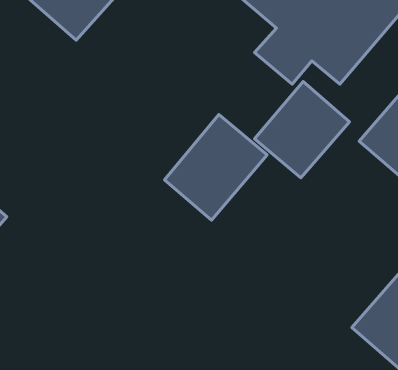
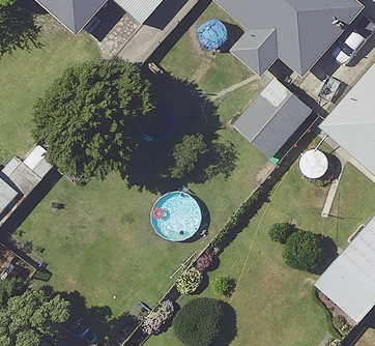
building: [165,115,267,220] -> none

